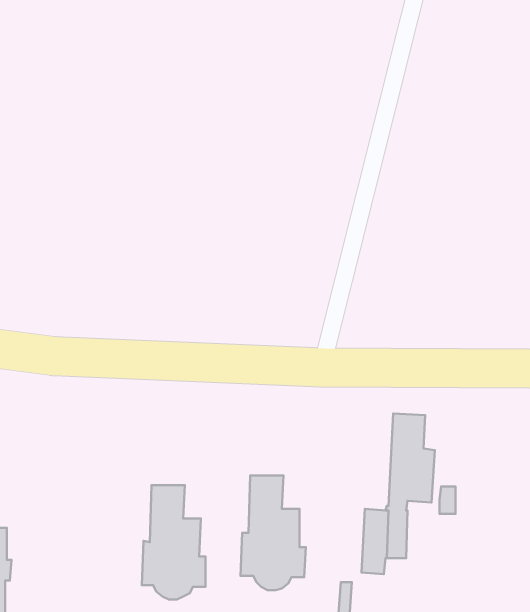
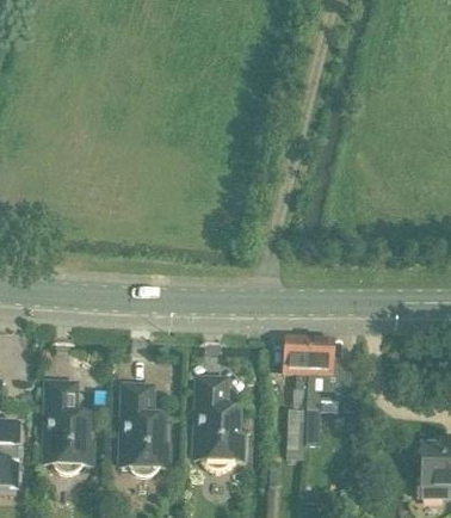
building: none -> [283,332,309,402]
building: none -> [44,383,92,470]

